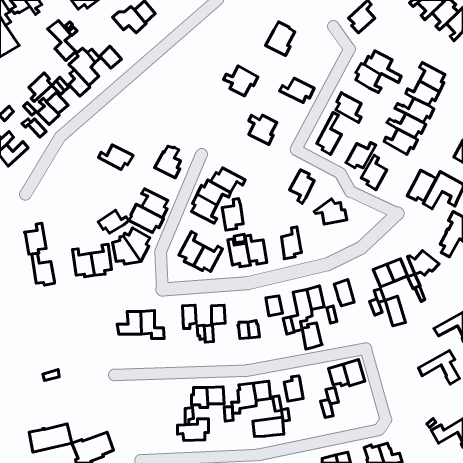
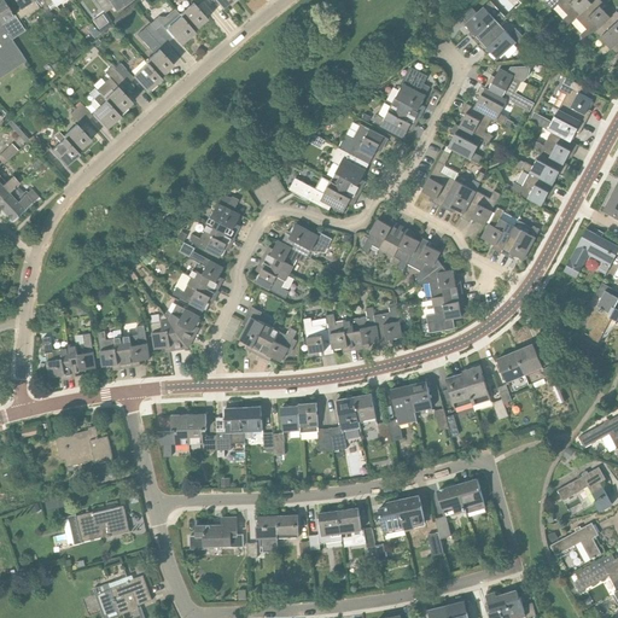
building: none -> [477,24,521,58]
building: [48,21,76,61] -> [135,23,173,76]
building: [266,22,295,55] -> [391,72,430,117]
building: [223,66,258,96] -> [340,123,386,163]
building: [29,73,52,102] -> none
building: none -> [457,103,491,142]
building: none -> [439,170,484,212]
building: none -> [311,179,357,211]
building: [99,145,133,169] -> [188,223,234,256]
building: none -> [361,218,400,252]
building: [407,170,436,201] -> [500,218,538,260]
building: none -> [407,237,441,281]
building: [222,199,243,230] -> [350,307,378,349]
building: [98,210,129,233] -> none
building: none -> [425,292,464,322]
building: [24,223,46,254] -> [66,333,95,374]
building: [407,250,439,275] -> none
building: [385,296,406,326] -> [461,365,489,404]
building: none -> [336,396,358,431]
building: none -> [297,402,317,438]
building: none -> [217,407,244,454]
building: none -> [54,427,112,466]
building: [302,323,322,349] -> [398,495,425,530]
building: none -> [549,521,600,558]
building: [253,417,284,437] -> none
building: [178,419,208,441] -> [194,517,235,546]
building: [29,424,72,452] -> [71,505,128,542]

